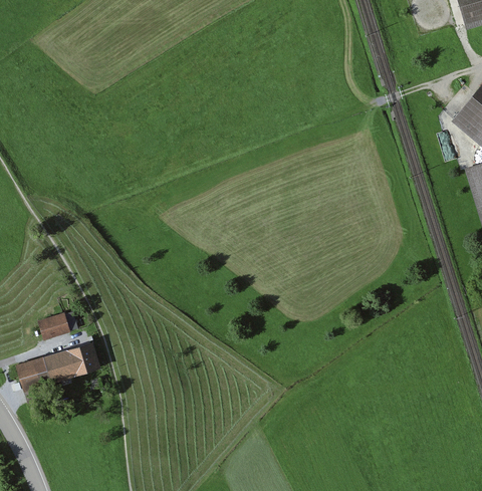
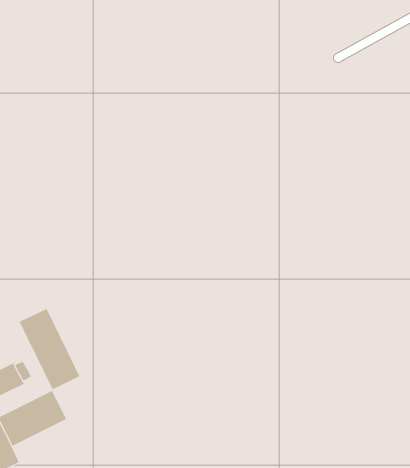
building: none -> [19,308,80,390]

